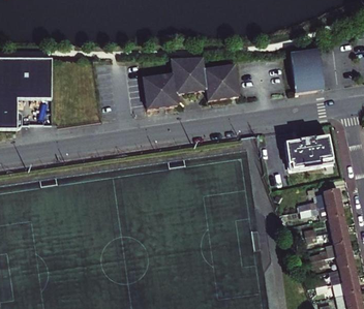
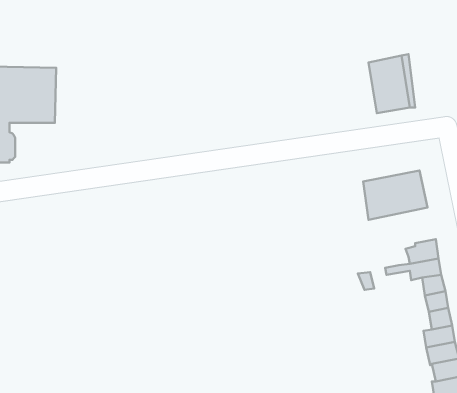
building: [143,57,239,105] -> none

